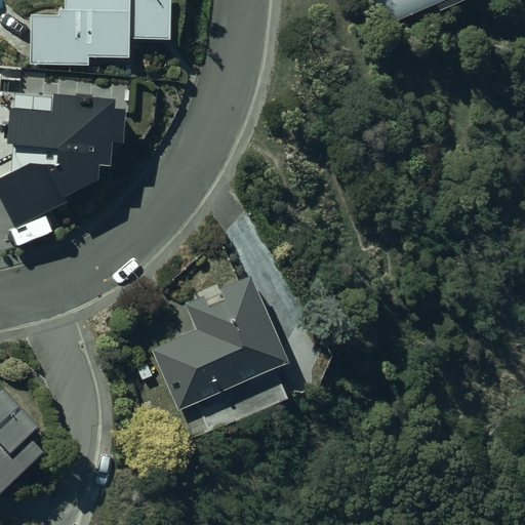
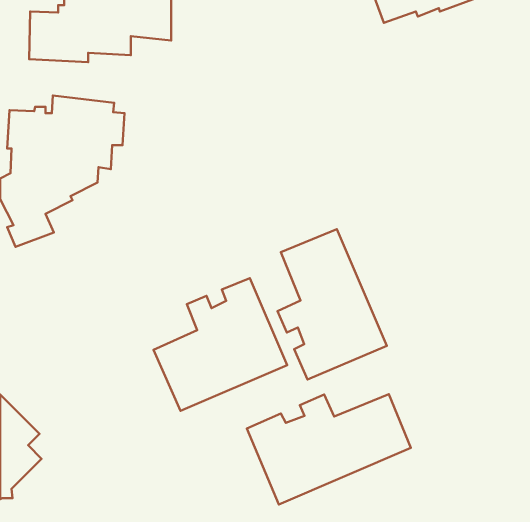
building: none -> [278,229,387,379]
building: none -> [247,394,411,504]

